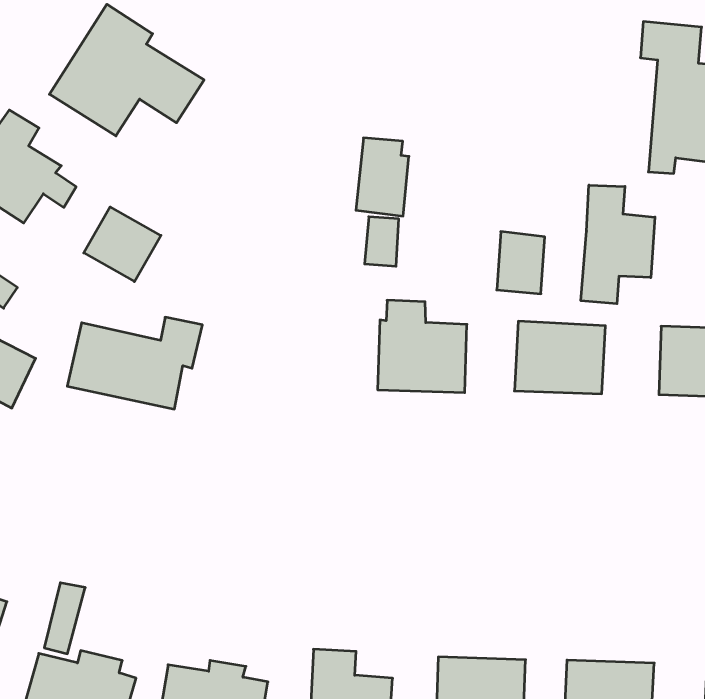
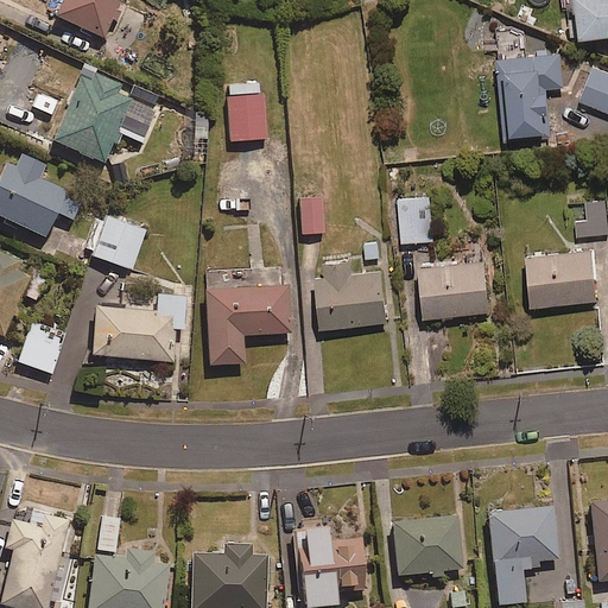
building: [356,138,409,216] -> [228,86,265,141]
building: [581,185,655,304] -> none
building: none -> [205,271,291,366]

